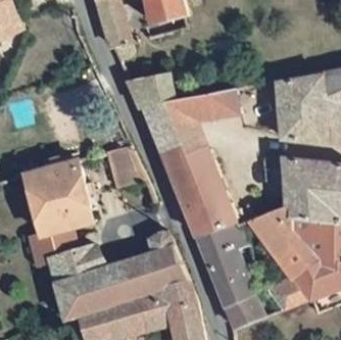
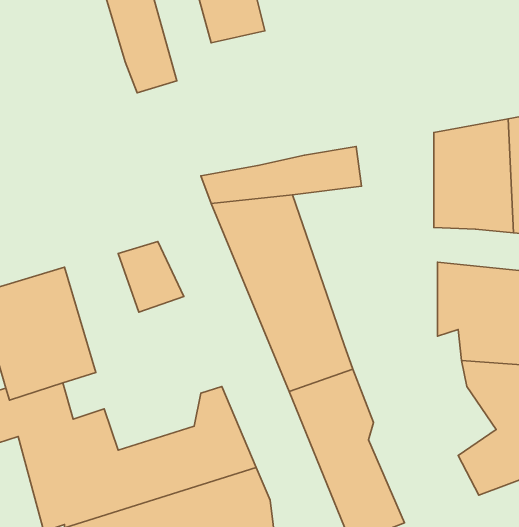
building: [128,69,182,107] -> none
building: [249,197,323,305] -> none

